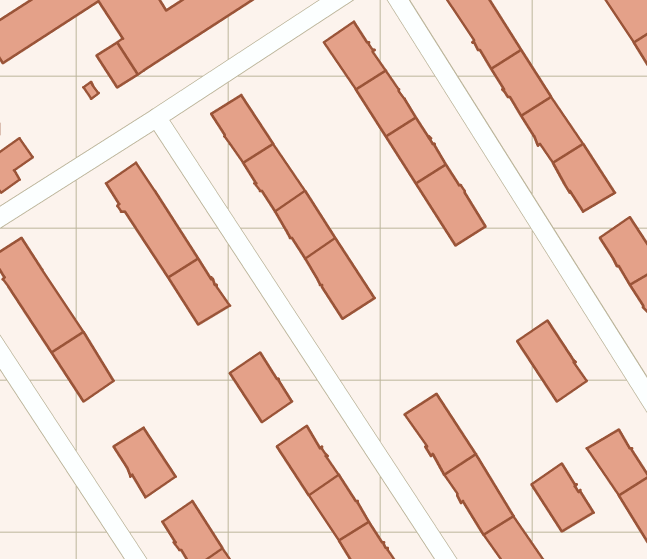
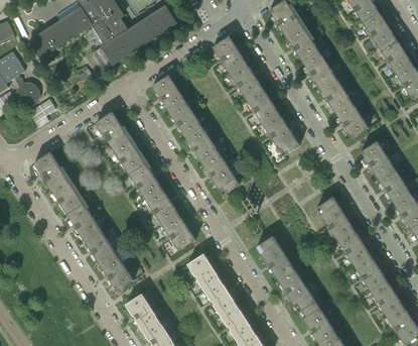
building: none -> [145,188,178,224]
building: none -> [84,228,116,263]
building: [532,464,594,531] -> [337,228,371,264]

